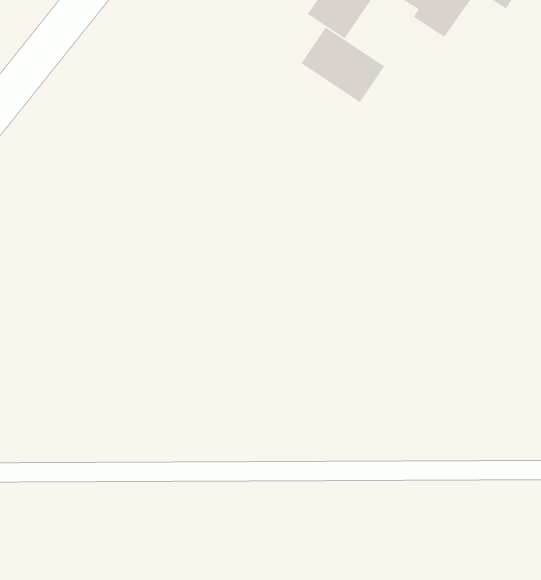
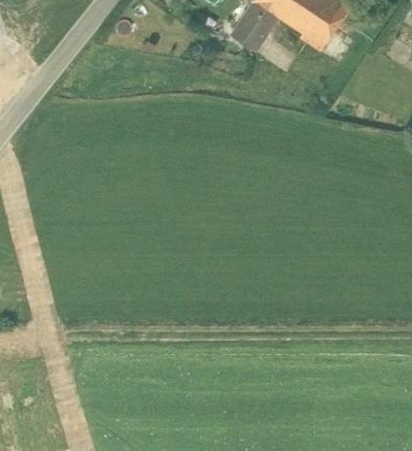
building: [300,27,385,103] -> none

